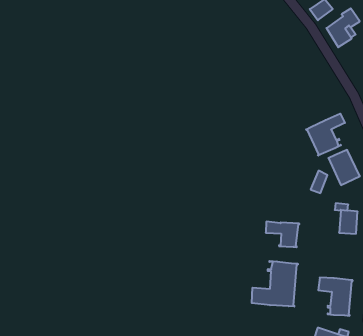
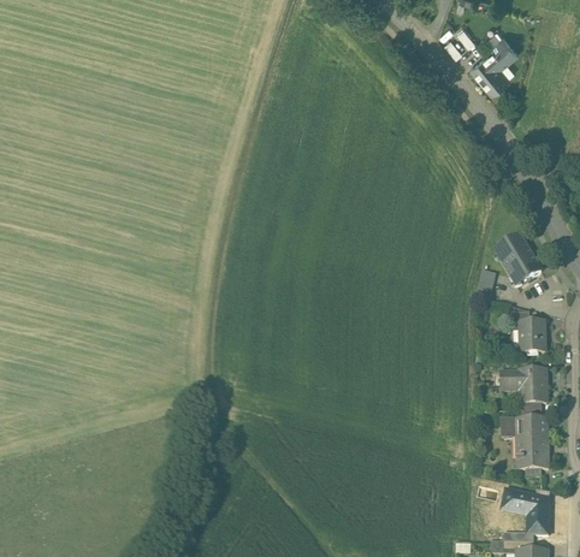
building: [306,114,345,156] -> none
building: [266,222,299,247] -> [499,367,546,402]
building: [252,261,298,307] -> none

